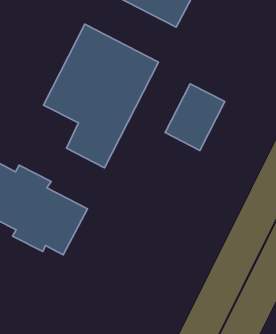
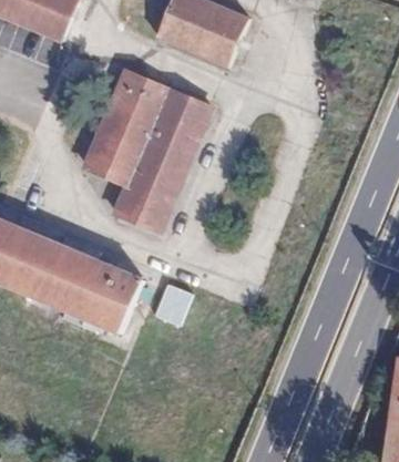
building: [165,84,225,150] -> none
building: none -> [152,283,192,327]

